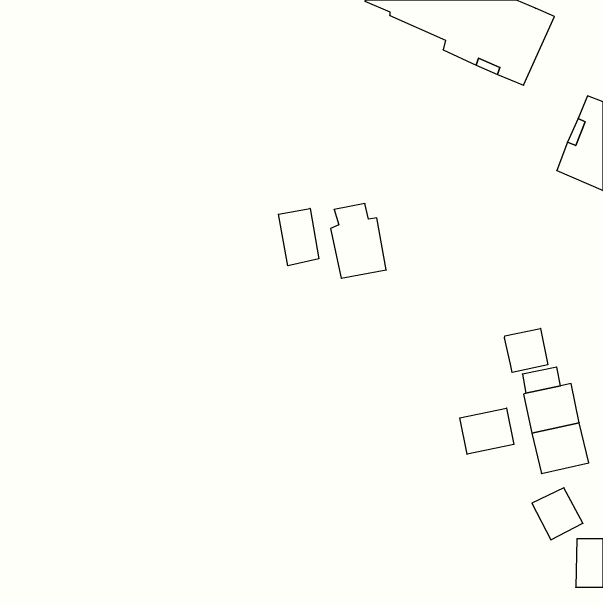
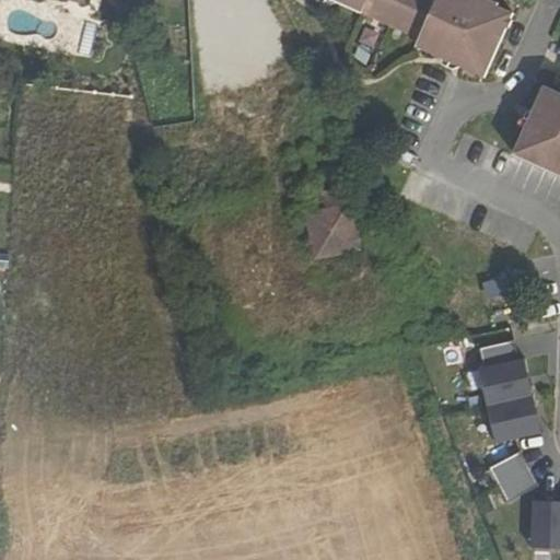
building: [278,208,319,266] -> none
building: [505,328,548,372] -> none
building: [460,408,514,454] -> none

